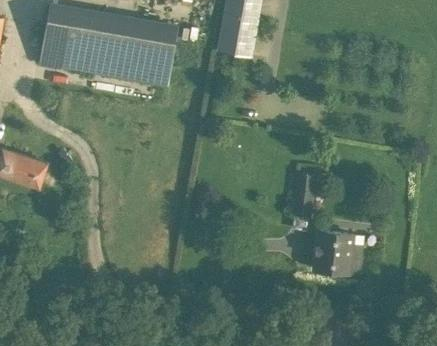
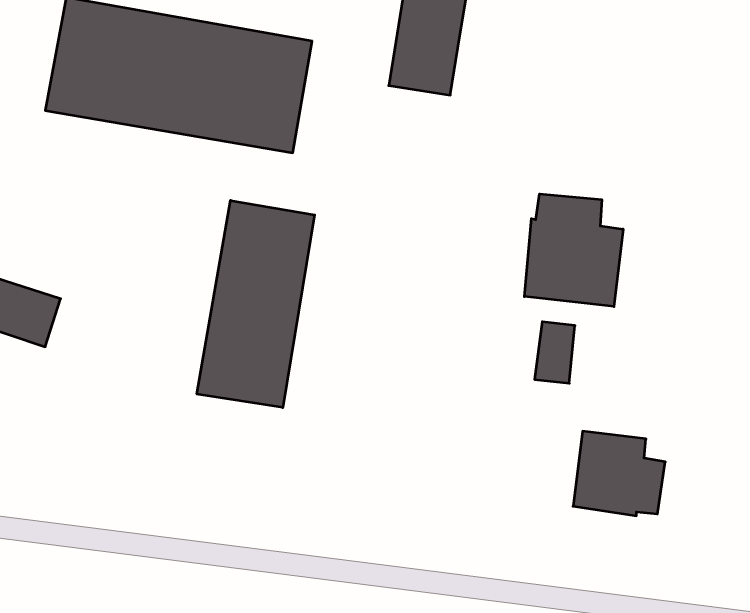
building: none -> [524,194,623,307]
building: none -> [197,200,315,408]

